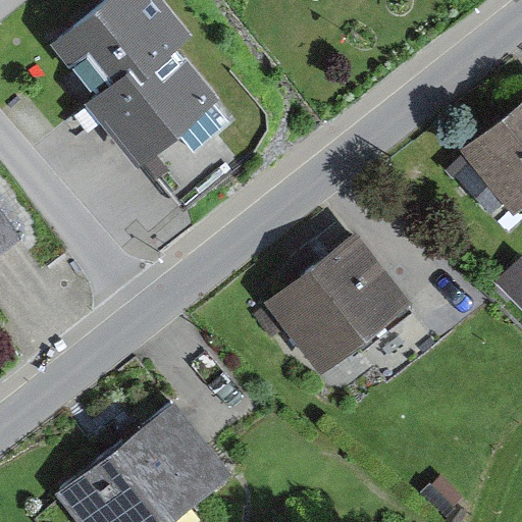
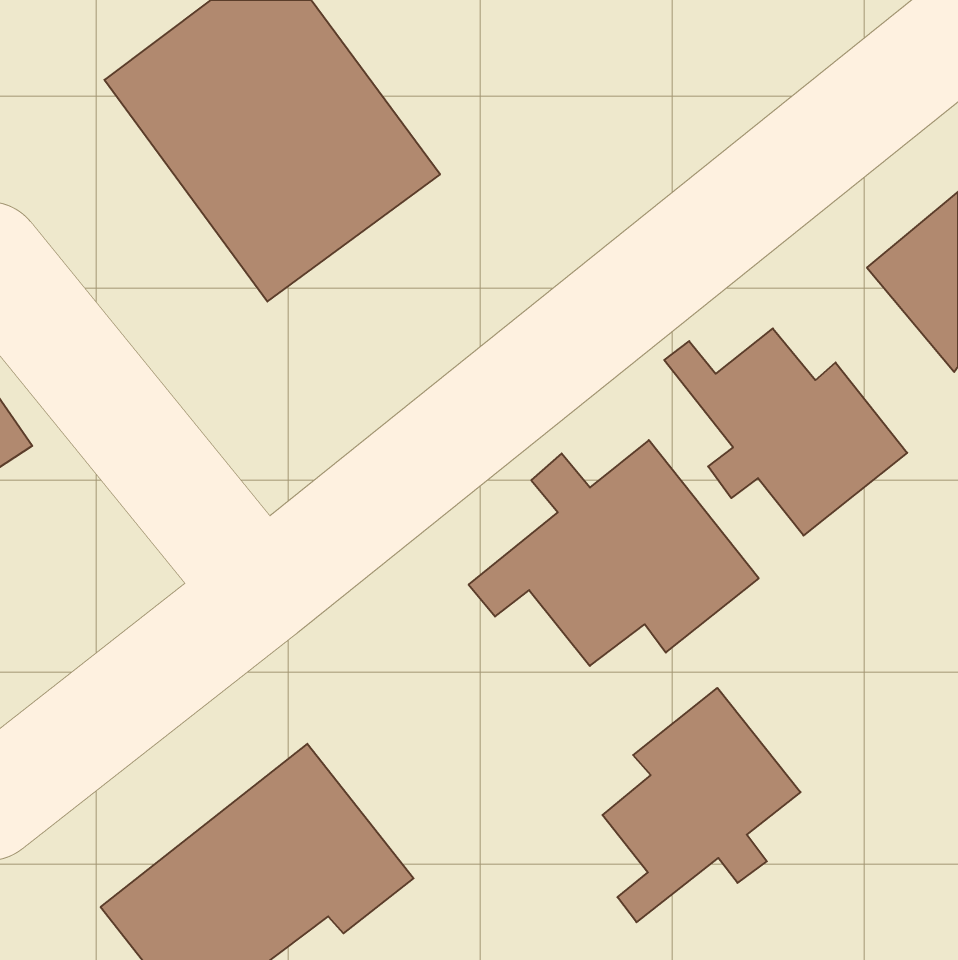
building: none -> [664,328,907,536]
building: none -> [602,688,801,922]

